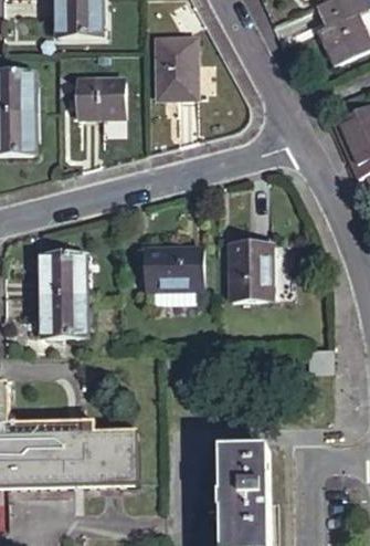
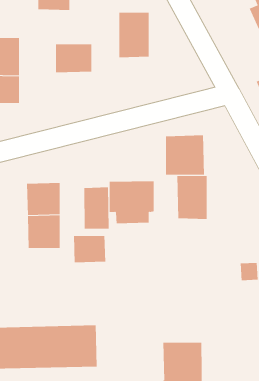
building: none -> [165,135,204,175]
building: none -> [84,186,109,230]
building: none -> [73,235,106,263]

